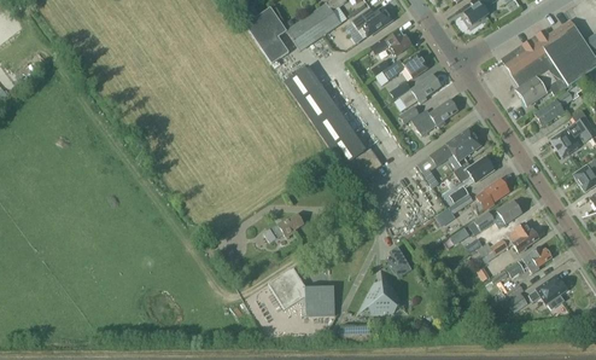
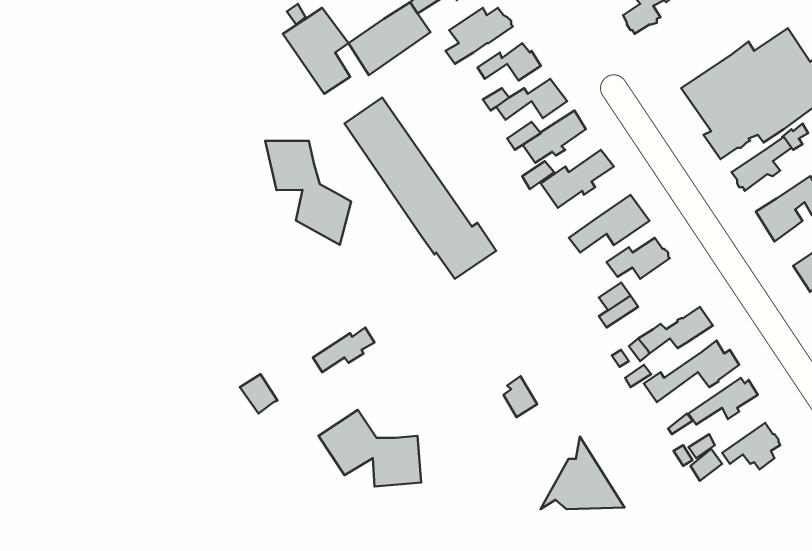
building: none -> [265,141,351,245]
building: [474,179,509,214] -> none
building: [356,267,410,314] -> [540,436,625,509]

